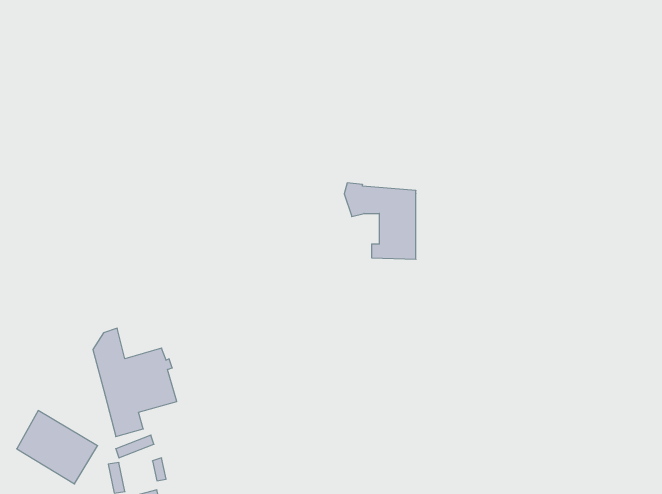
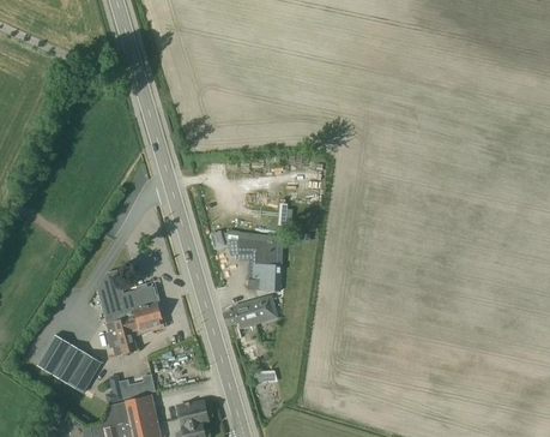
building: [344,183,416,259] -> [224,228,280,288]
building: none -> [225,295,276,325]

